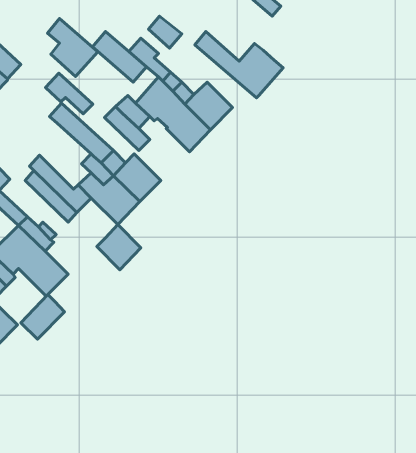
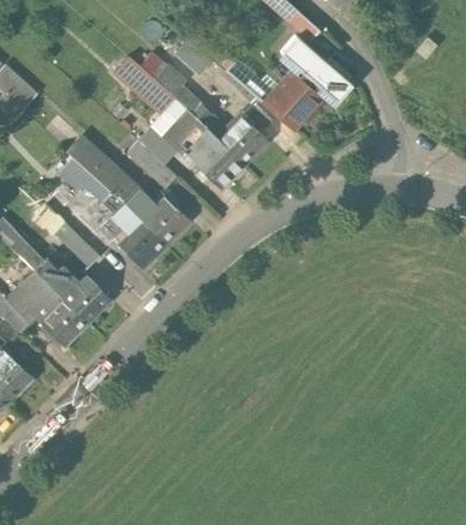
building: none -> [279,36,351,102]
building: [48,18,98,77] -> none
building: [46,73,93,114] -> [60,157,112,202]
building: [97,225,141,270] -> [61,273,109,322]
building: [21,295,65,339] -> none

